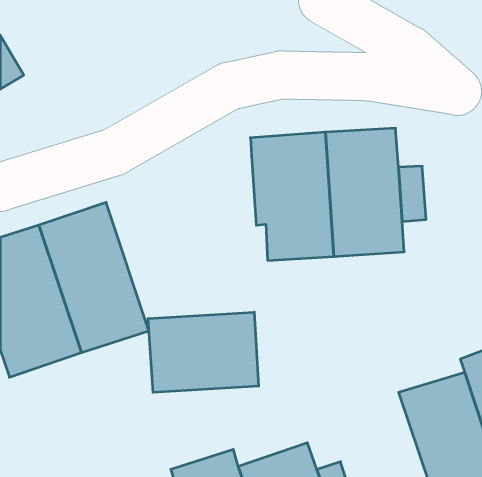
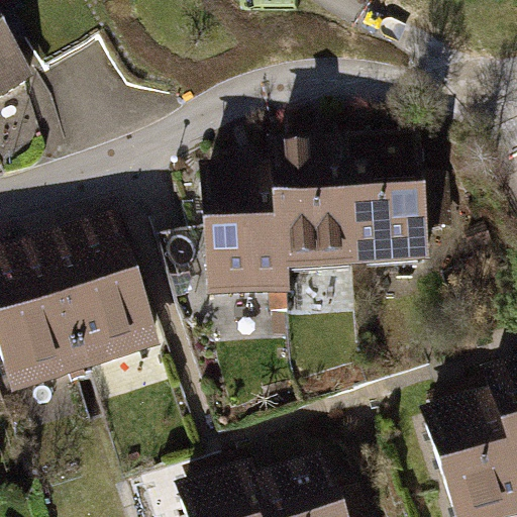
building: none -> [202,175,289,311]
building: [148,312,259,392] -> none

